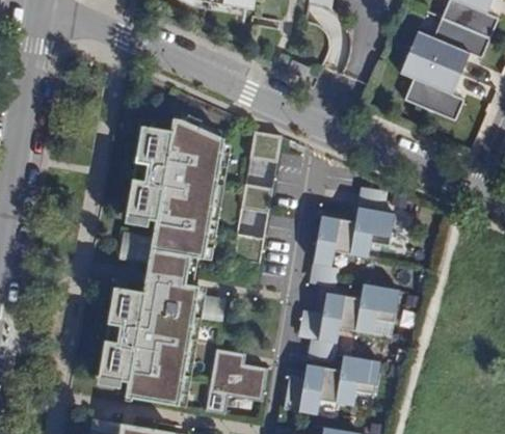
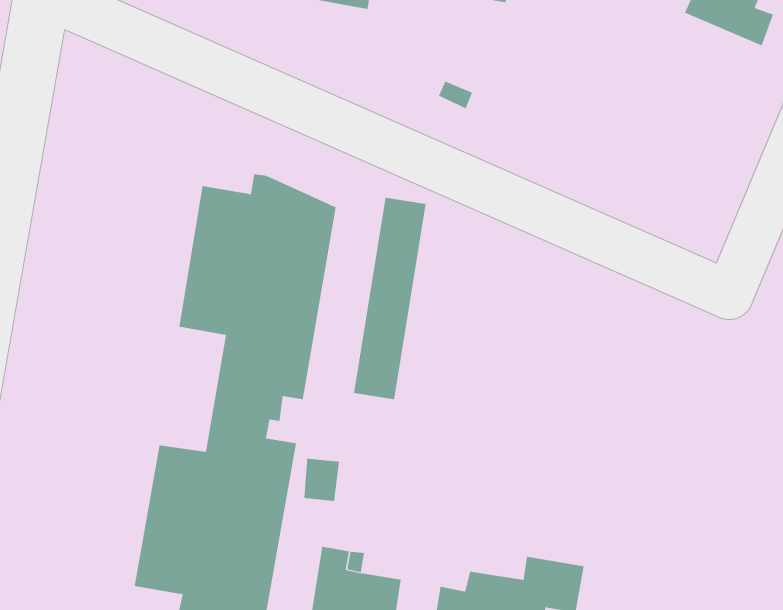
building: [400,17,490,120] -> none
building: [314,207,394,265] -> none
building: [319,283,399,341] -> none

